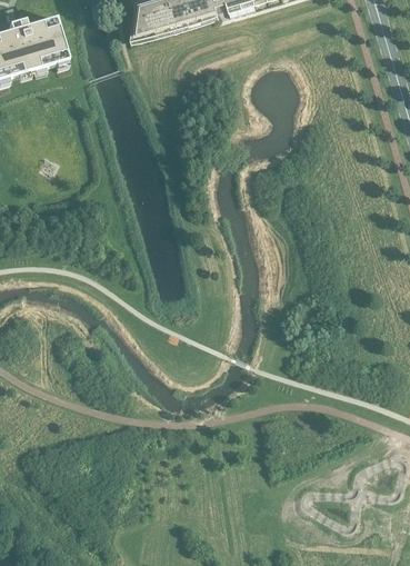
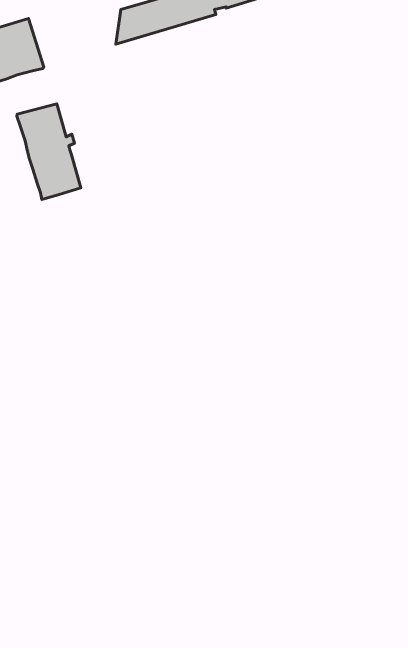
building: none -> [17,104,81,200]

